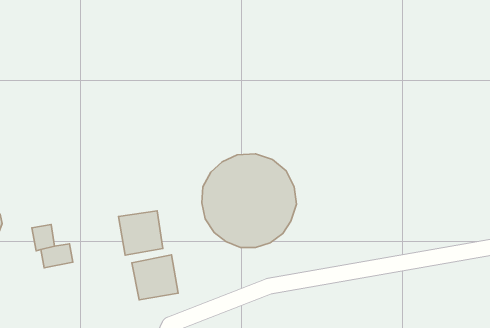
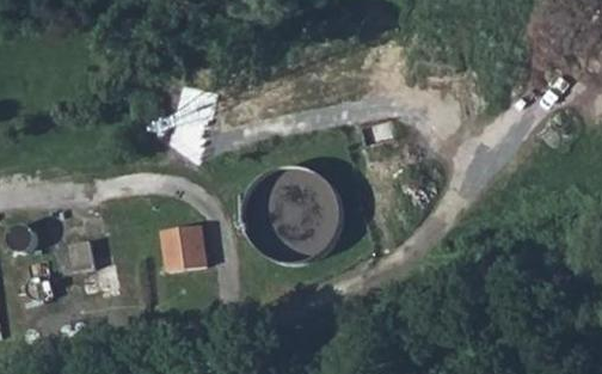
building: [132,255,178,300] -> none

